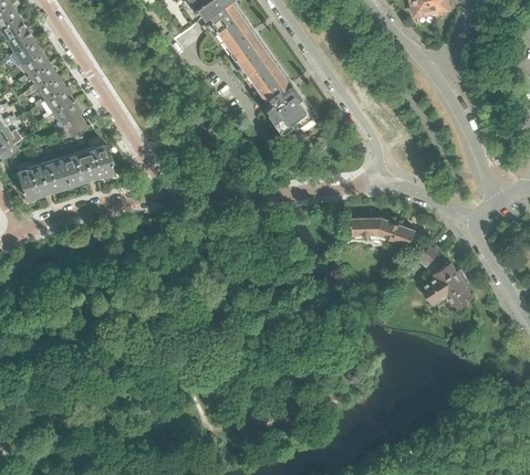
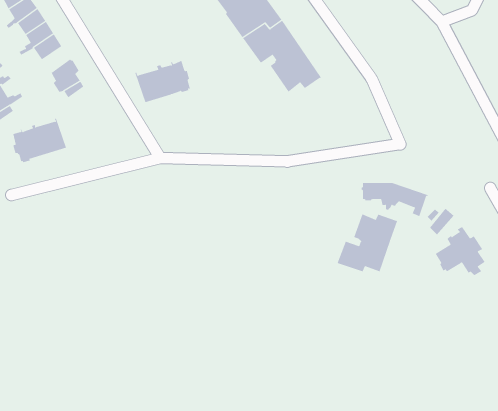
building: [40,87,72,118] -> none
building: [59,144,113,184] -> [134,60,191,103]
building: none -> [337,214,398,272]

